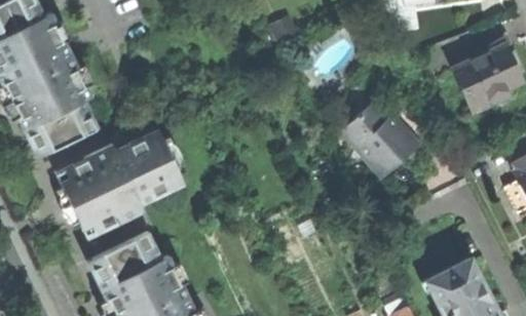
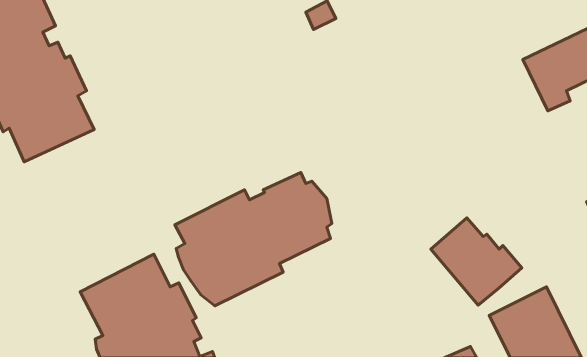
building: [344,105,419,176] -> [431,218,522,305]
building: [57,128,186,238] -> [175,172,332,306]

